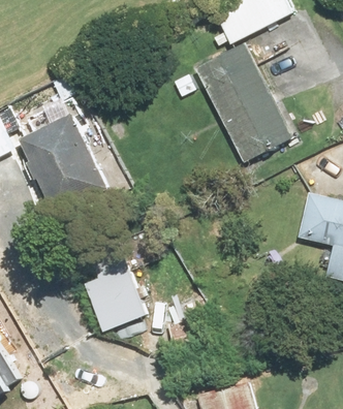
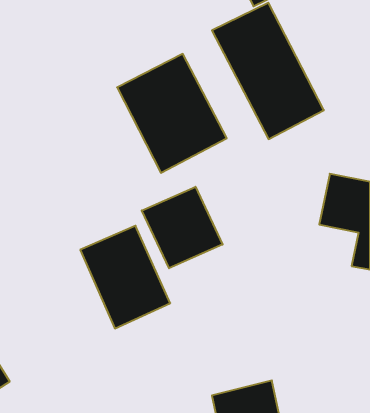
building: [18,105,116,212] -> [117,54,227,173]
building: none -> [142,187,223,268]

